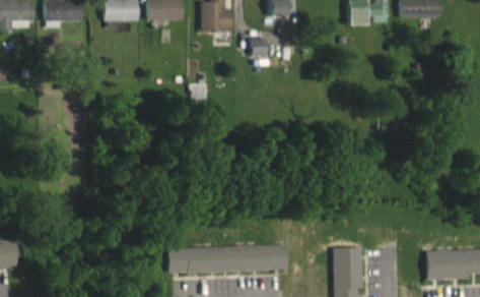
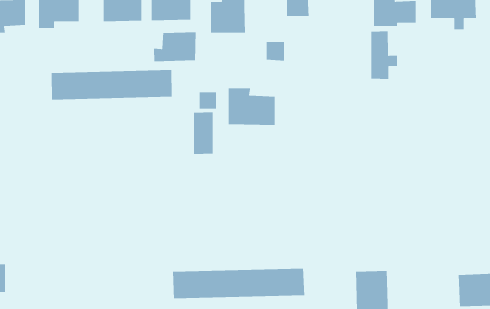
building: none -> [371,31,398,80]
building: none -> [153,31,197,62]
building: none -> [51,69,172,101]
building: none -> [228,87,276,126]
building: none -> [193,112,213,155]

